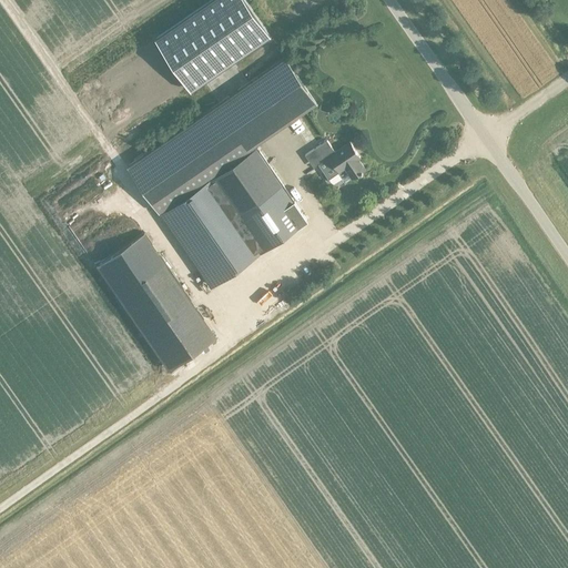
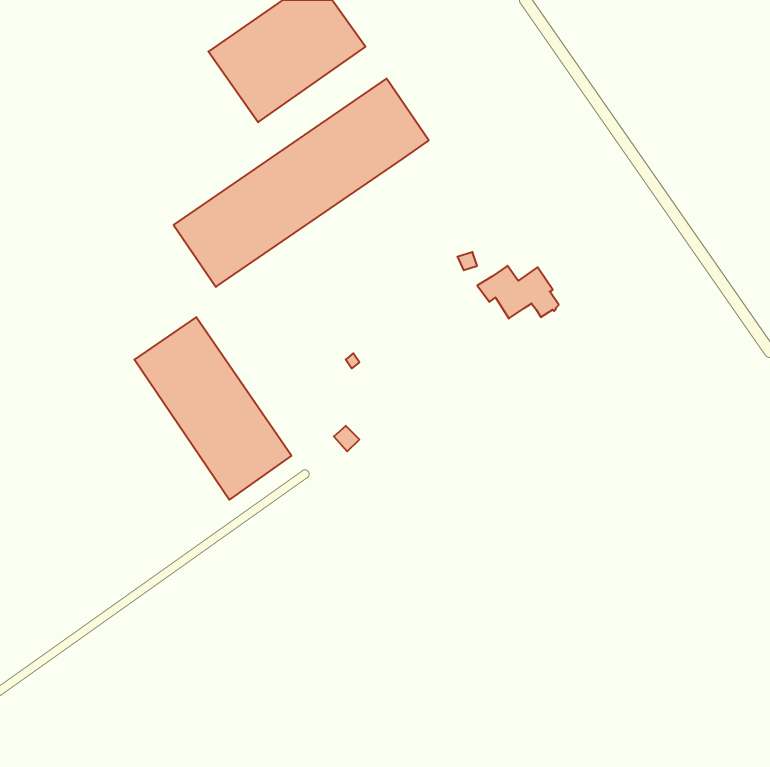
building: [304,143,364,182] -> [477,266,559,319]
building: [161,152,304,288] -> none

